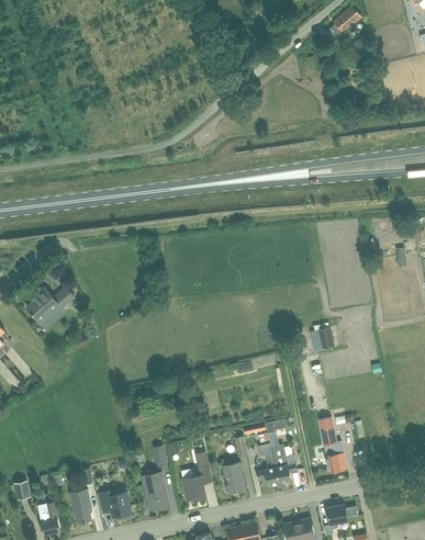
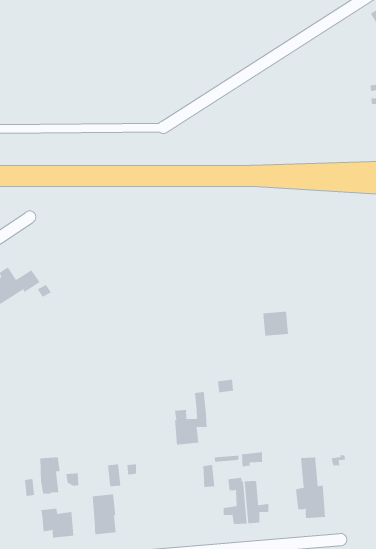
building: [309,327,334,351] -> [262,311,289,336]
building: [180,451,211,500] -> [174,391,208,445]
building: [221,462,245,492] -> none
building: [70,490,91,524] -> [39,457,61,494]

